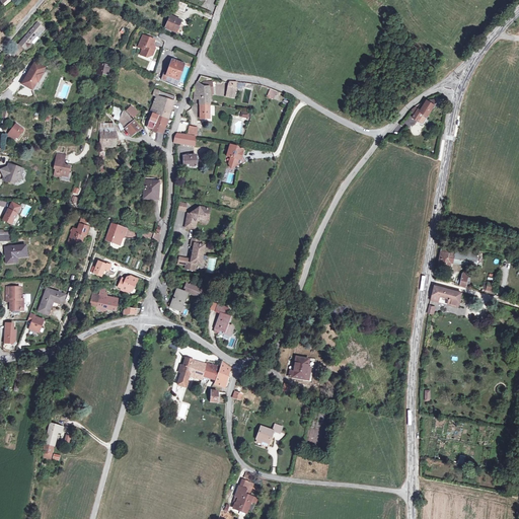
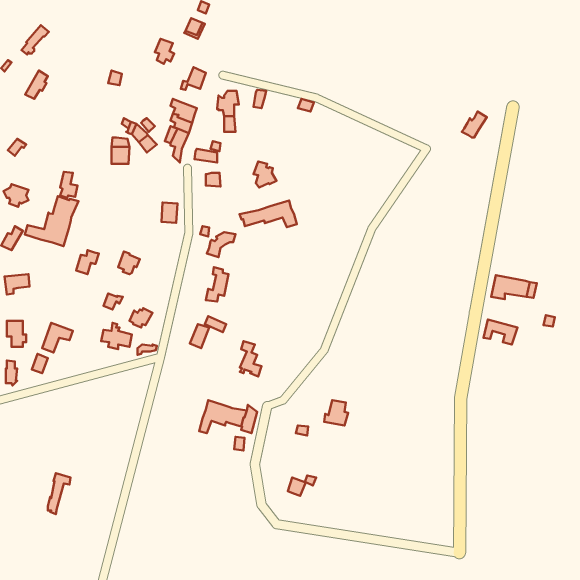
building: none -> [25,196,79,246]
building: none -> [240,201,297,227]
building: [232,479,256,510] -> none

